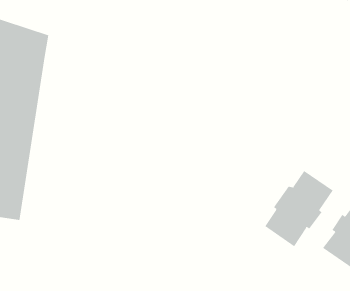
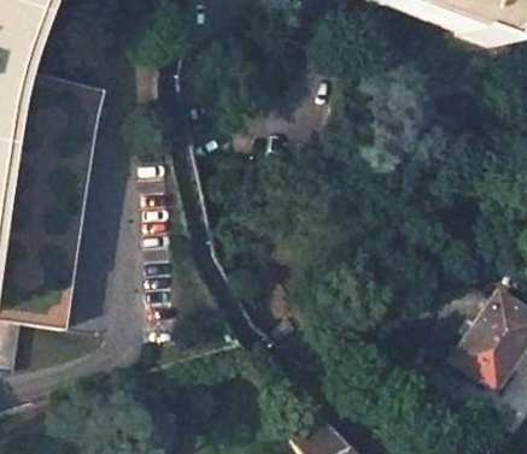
building: [264,170,333,247] -> none

